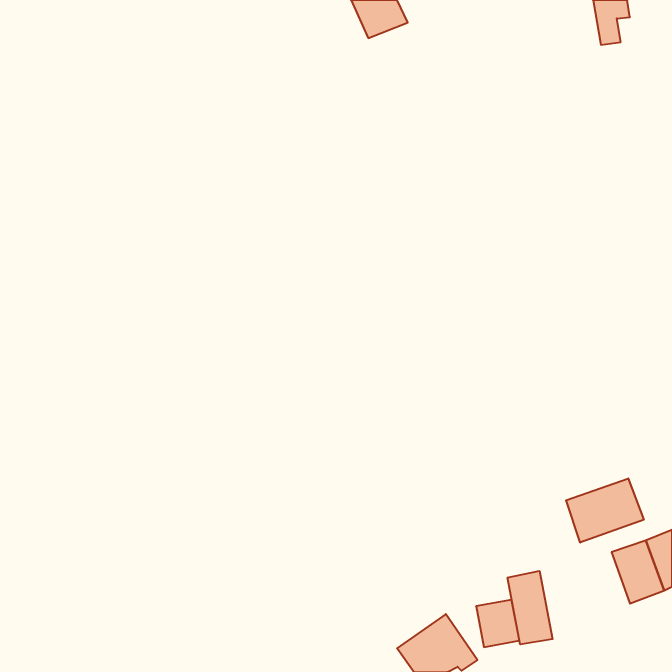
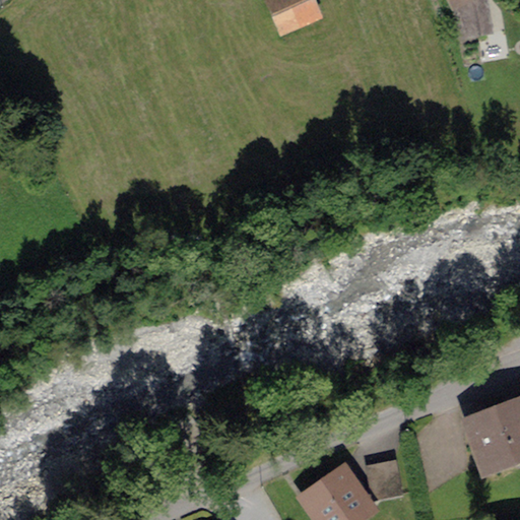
building: [566,478,644,543] -> none
building: [508,571,553,644] -> none

